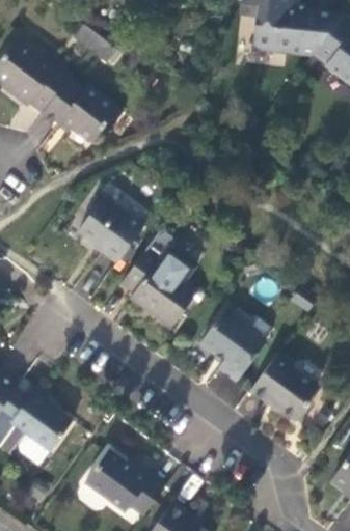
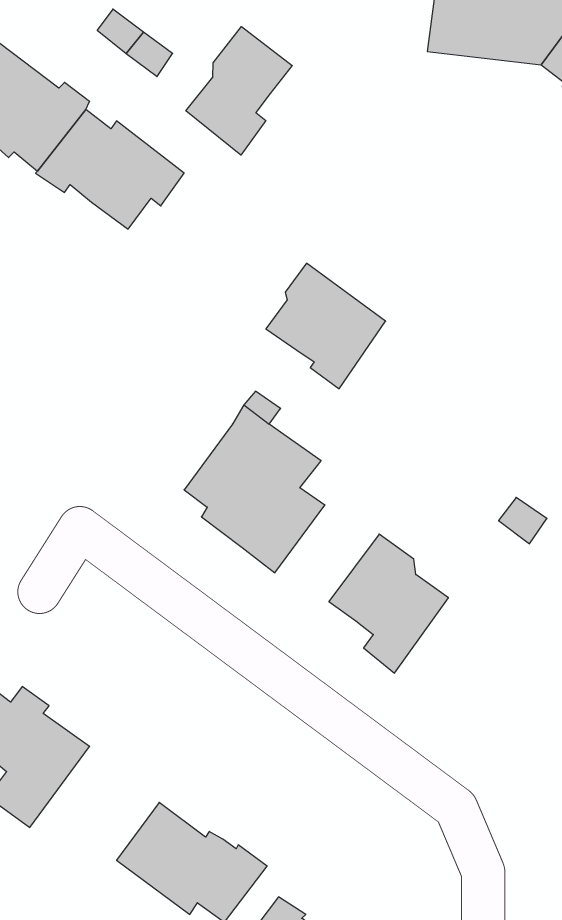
building: none -> [186,27,292,155]
building: [78,195,142,262] -> [266,263,386,389]
building: [250,352,316,420] -> none

